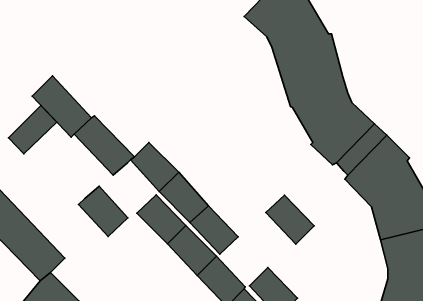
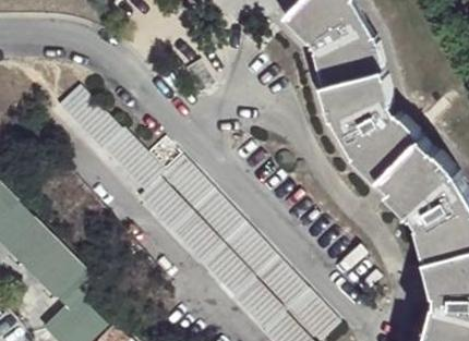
building: [9,105,57,154] -> none
building: [79,186,128,236] -> [132,174,184,228]
building: [266,195,314,244] -> [252,253,303,305]

